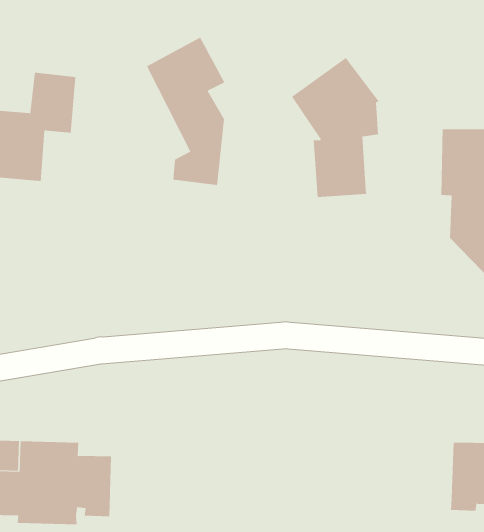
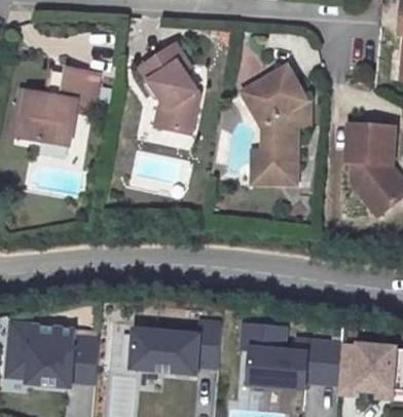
building: none -> [247,147,294,181]
building: none -> [244,325,343,389]
building: none -> [133,323,223,374]

